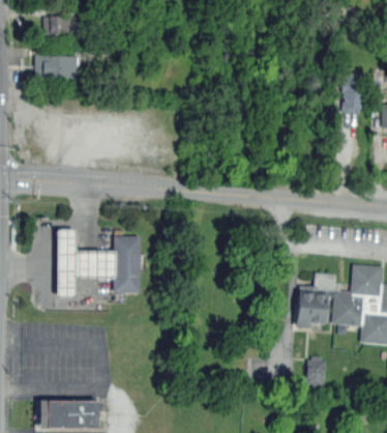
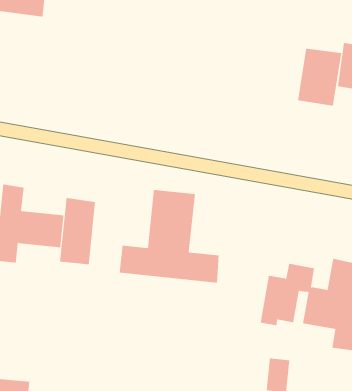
building: none -> [297,48,342,106]
building: none -> [119,189,219,283]

